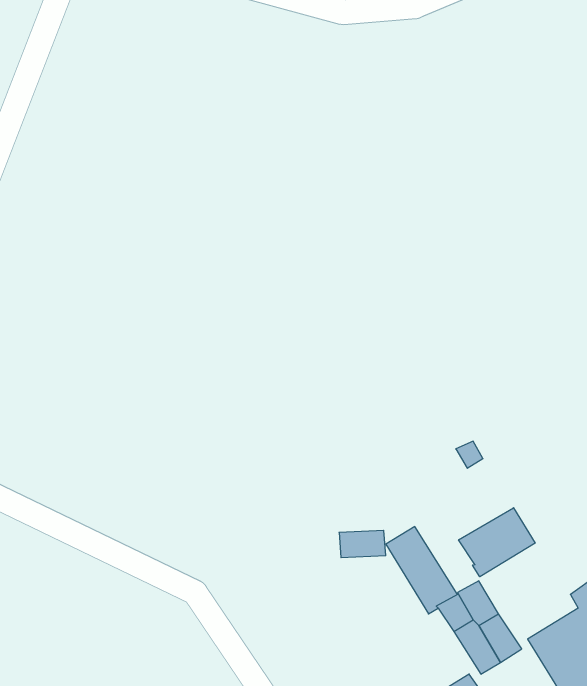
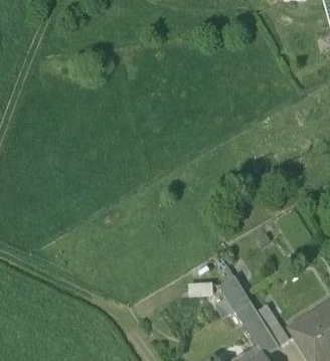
building: [459,508,535,577] -> none

